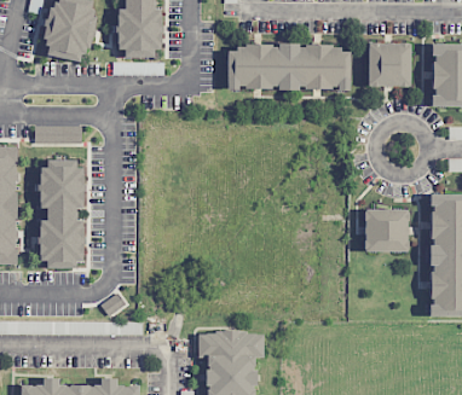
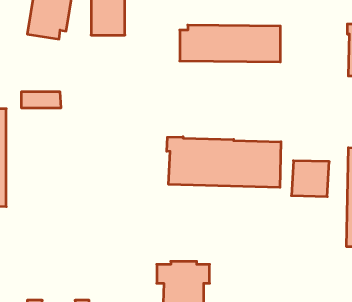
building: [368,42,410,87] -> none
building: [41,159,83,268] -> none
building: none -> [167,137,281,187]

